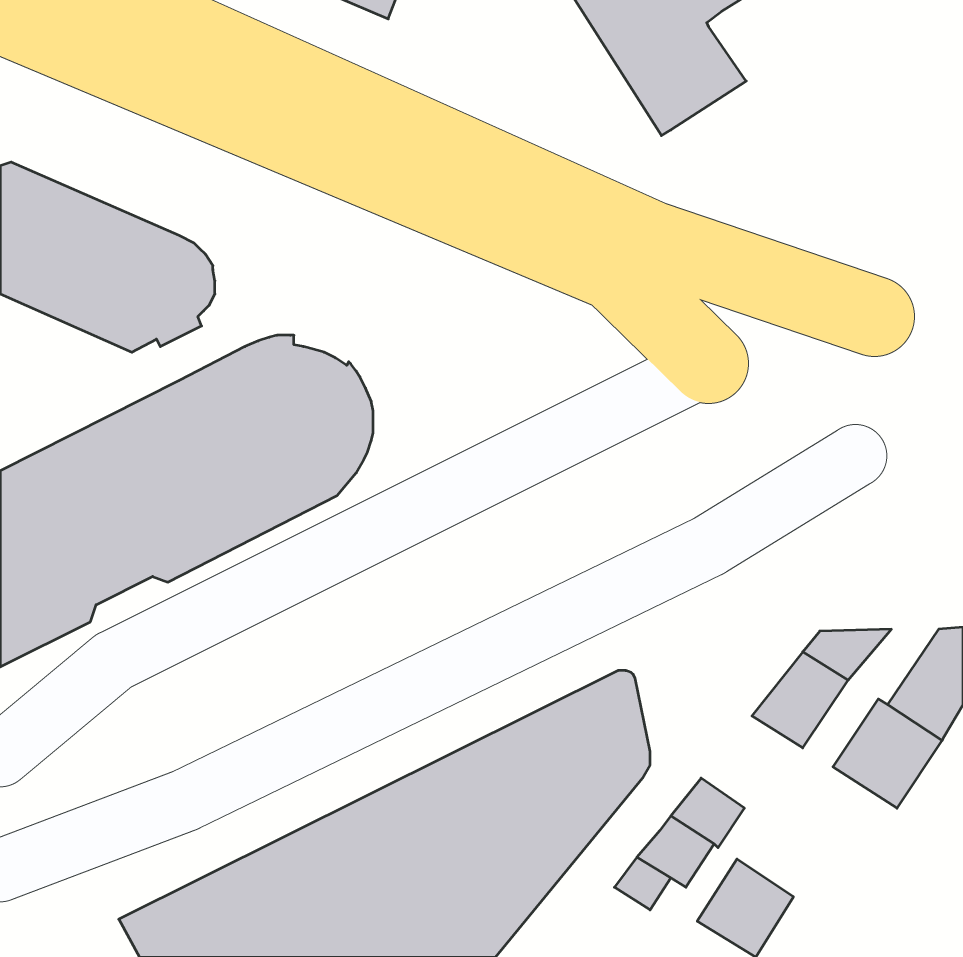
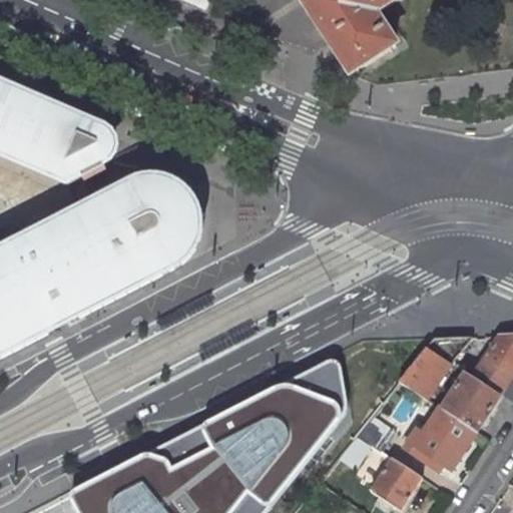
building: none -> [415,407,477,470]

